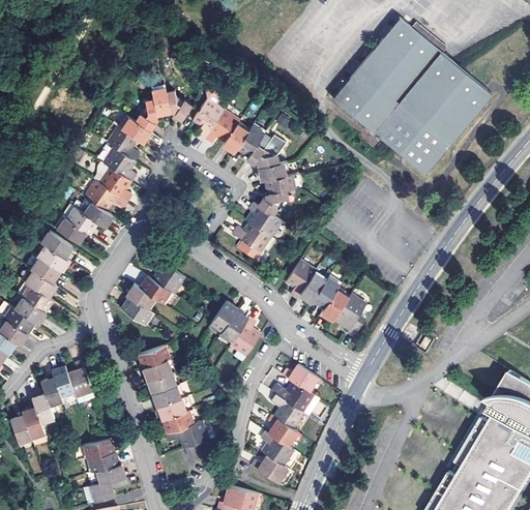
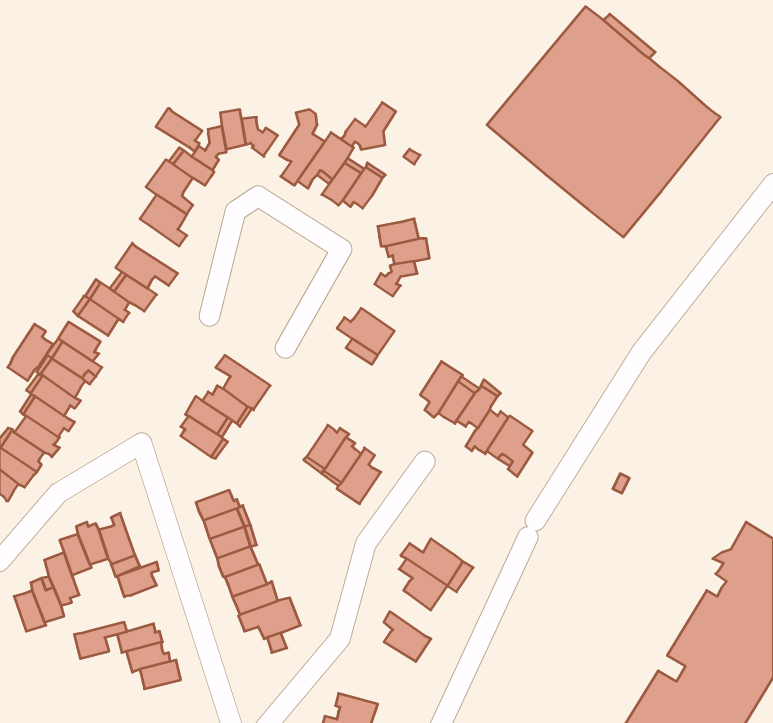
building: none -> [156,108,202,152]
building: [245,136,283,168] -> [341,102,396,149]
building: [93,167,126,200] -> none
building: [247,204,281,239] -> none
building: none -> [8,324,53,381]
building: [287,364,321,392] -> none
building: none -> [118,562,158,597]
building: [265,418,300,447] -> none
building: [253,454,288,482] -> none
building: [90,477,126,502] -> [74,622,127,659]

